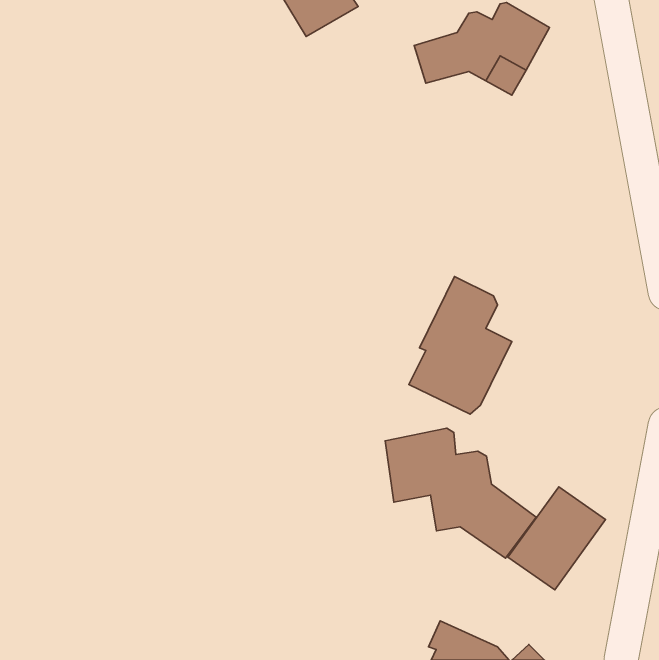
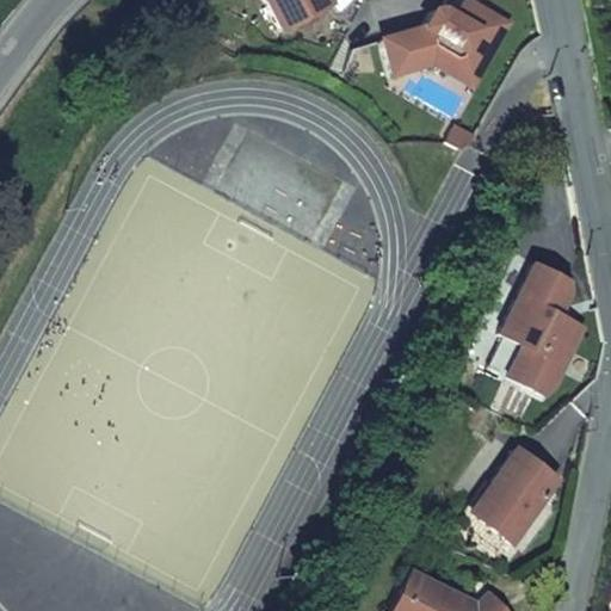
building: [409,276,512,414] -> [492,264,586,390]
building: [385,428,536,558] -> none

